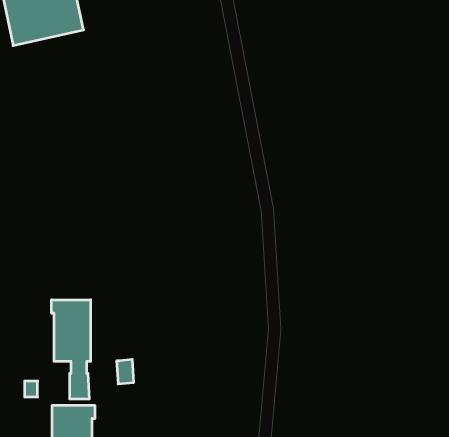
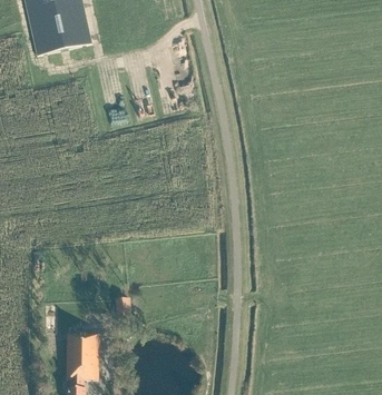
building: [52,300,91,399] -> none

